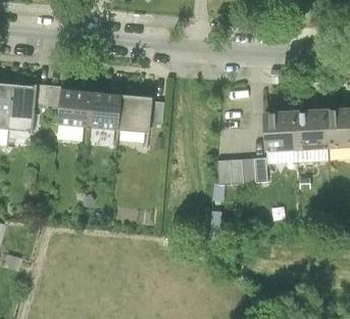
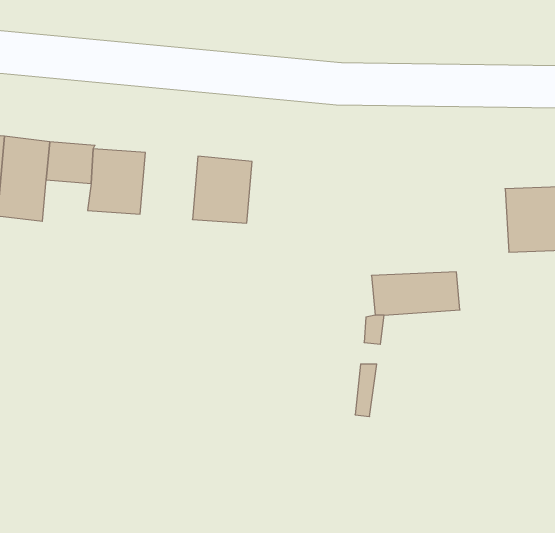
building: [88,92,120,130] -> none
building: [263,112,296,150] -> none

